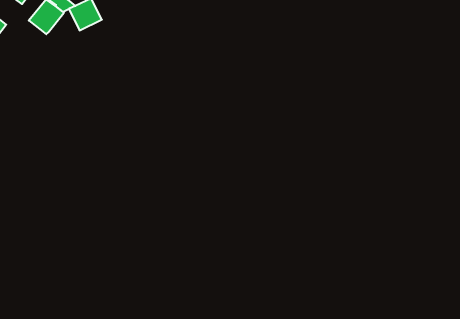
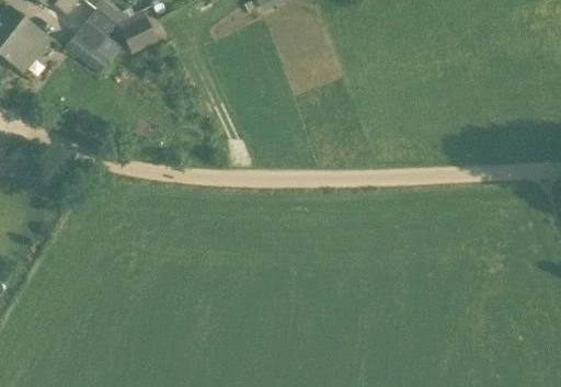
building: none -> [66,34,112,72]

